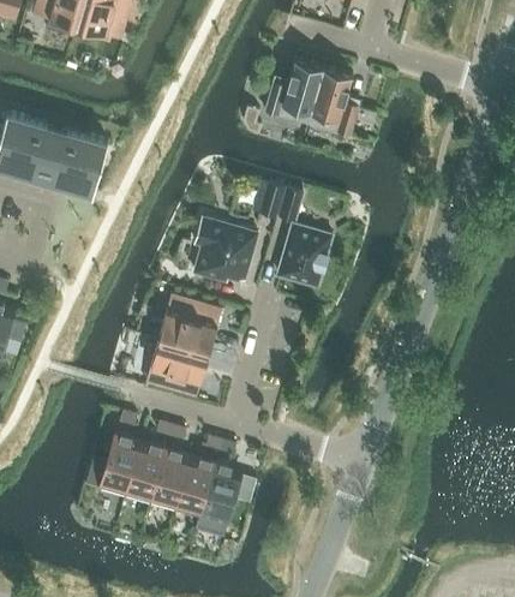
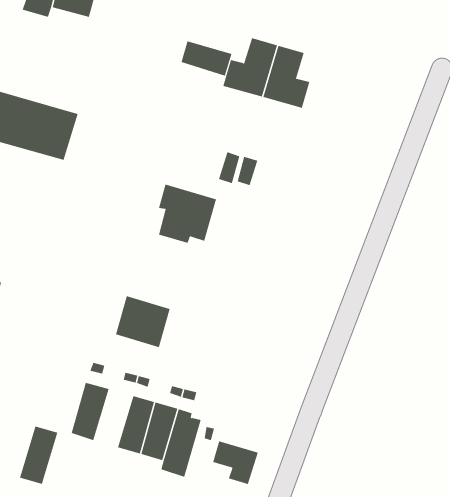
building: none -> [181,40,232,76]
building: [279,223,333,287] -> none
building: [160,294,221,352] -> none
building: [125,438,167,502] -> [19,426,58,485]
building: none -> [212,441,258,485]

